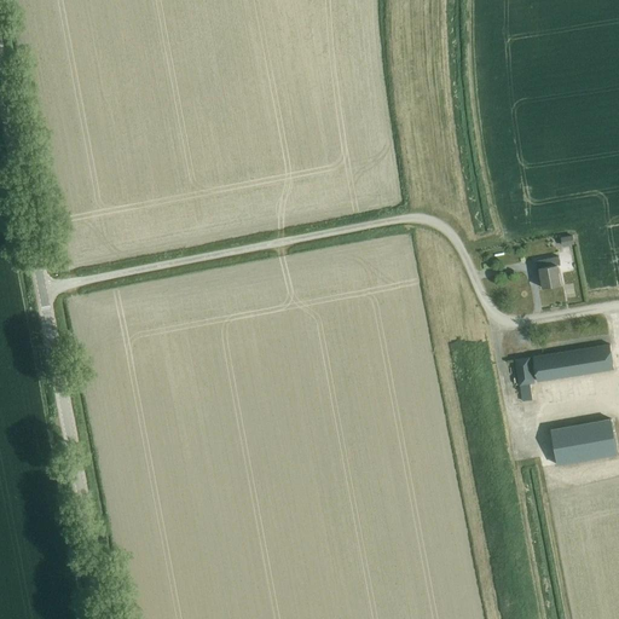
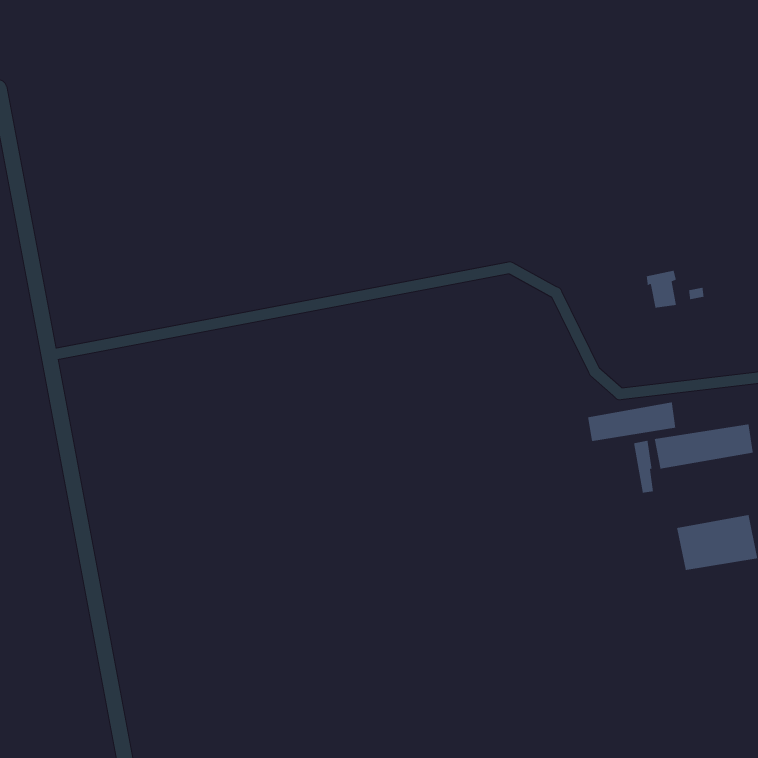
building: [534,258,560,289] -> [646,270,677,309]
building: none -> [587,402,676,442]

